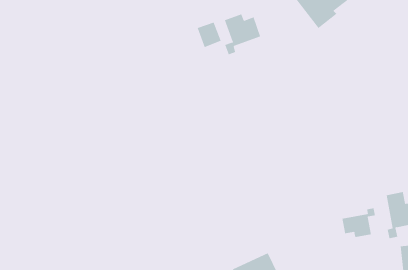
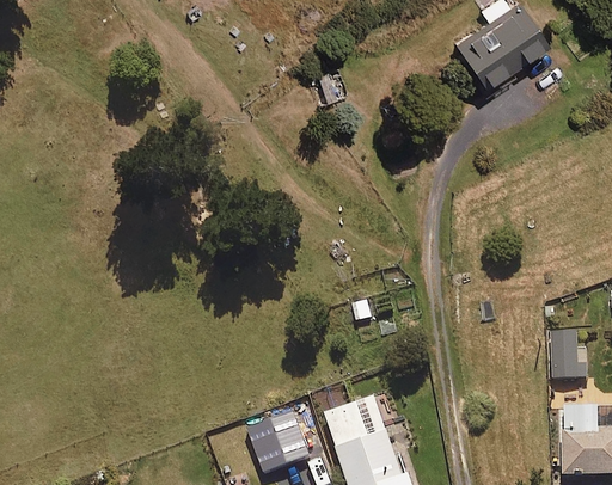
building: [224,14,261,55] -> none
building: [342,207,375,238] -> none

